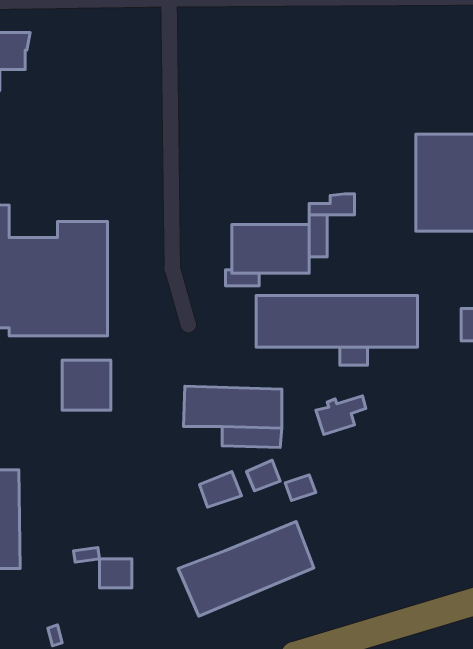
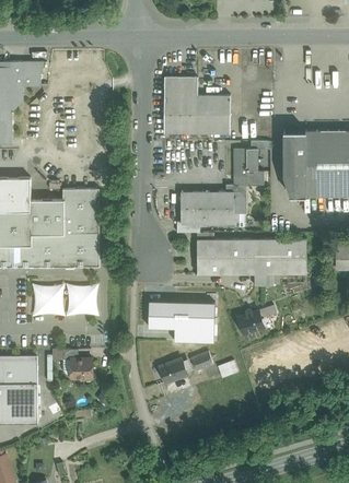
building: none -> [164,76,231,133]
building: none -> [284,131,306,196]
building: none -> [234,149,258,177]
building: none -> [33,283,66,317]
building: [178,522,314,616] -> none
building: [99,559,132,588] -> [71,358,93,378]

